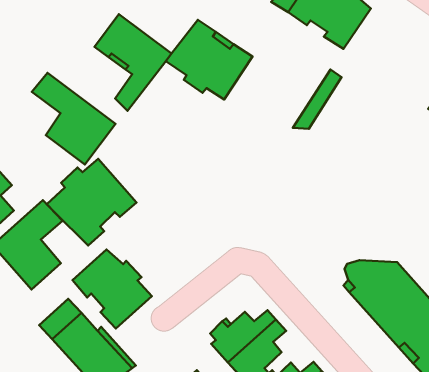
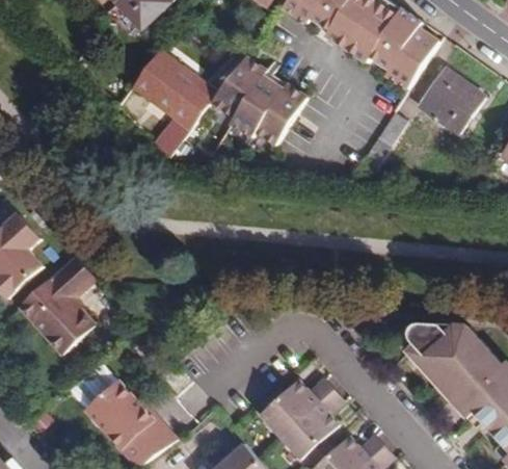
building: none -> [417,68,484,133]
building: [32,73,116,165] -> none
building: [47,159,136,246] -> none
building: [73,250,152,329] -> none

